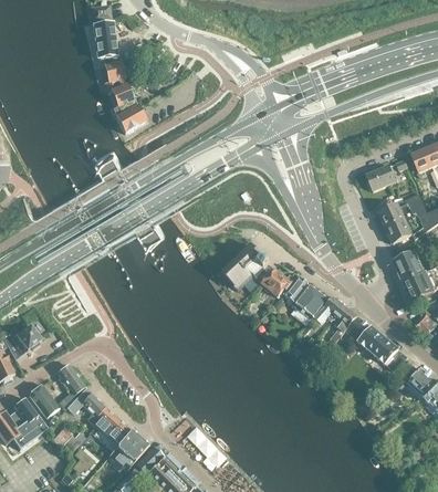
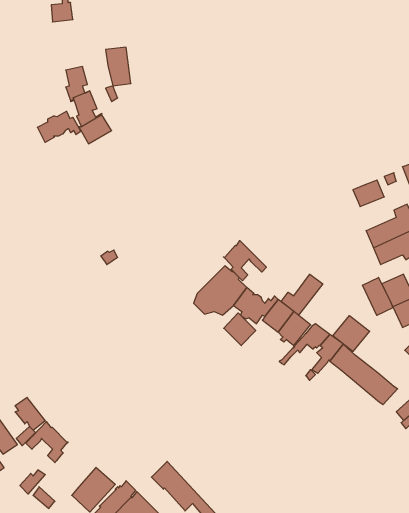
building: [93,23,116,59] -> [106,47,131,86]
building: none -> [37,111,81,142]
building: none -> [223,241,266,281]
building: none -> [281,274,323,315]
building: none -> [363,277,393,315]
building: none -> [224,313,256,346]
building: none -> [333,316,370,352]
building: [96,407,132,447] -> none

